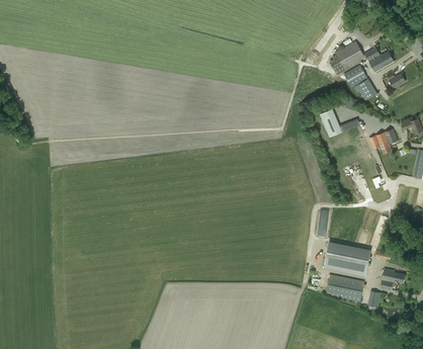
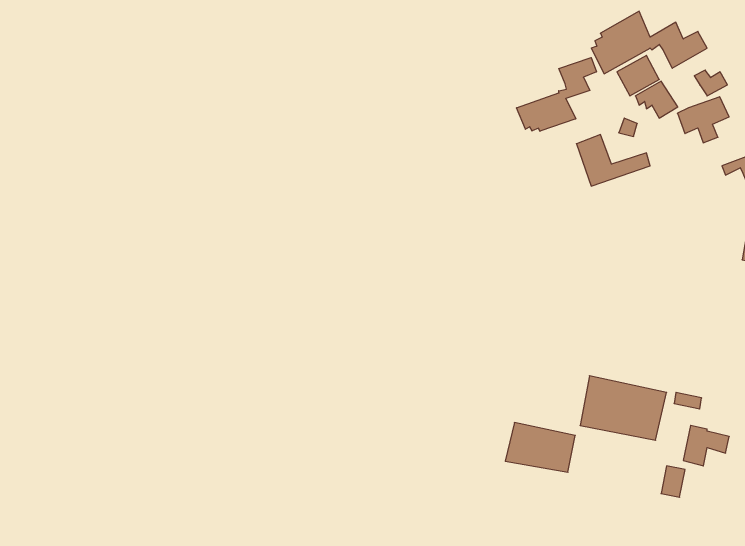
building: none -> [517,58,596,131]
building: [368,128,397,154] -> [677,97,729,143]
building: [325,274,363,301] -> [505,423,575,472]

